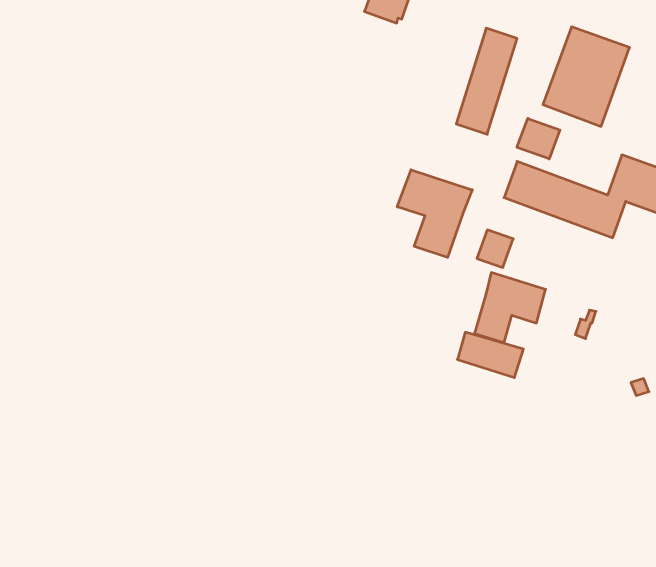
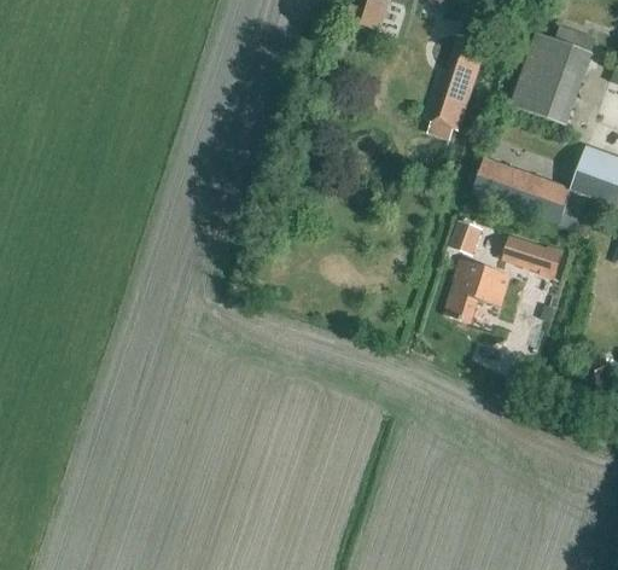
building: [517,118,560,159] -> none
building: [397,170,472,257] -> none
building: [457,332,523,378] -> [501,234,562,277]

